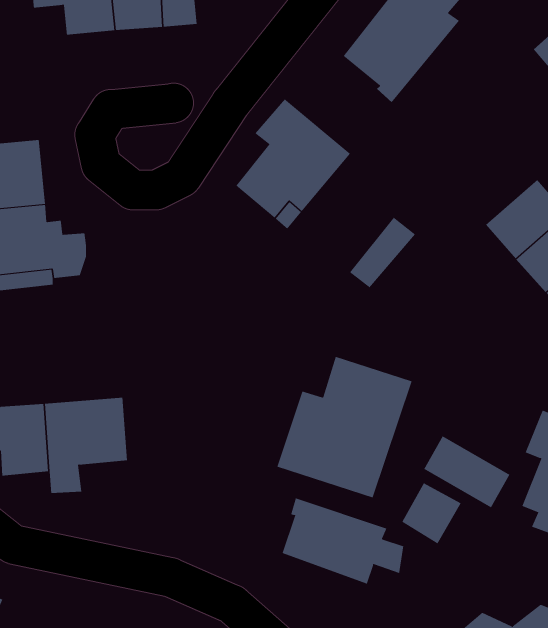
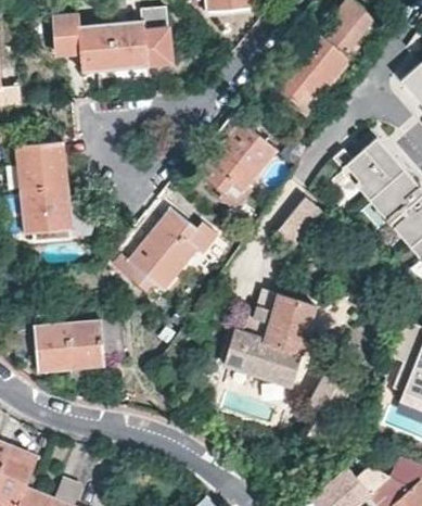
building: none -> [332,137,405,200]
building: none -> [113,204,220,290]
building: [424,436,510,508] -> none
building: [282,498,404,585] -> none

